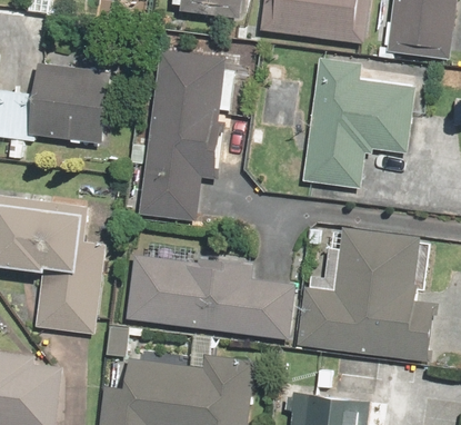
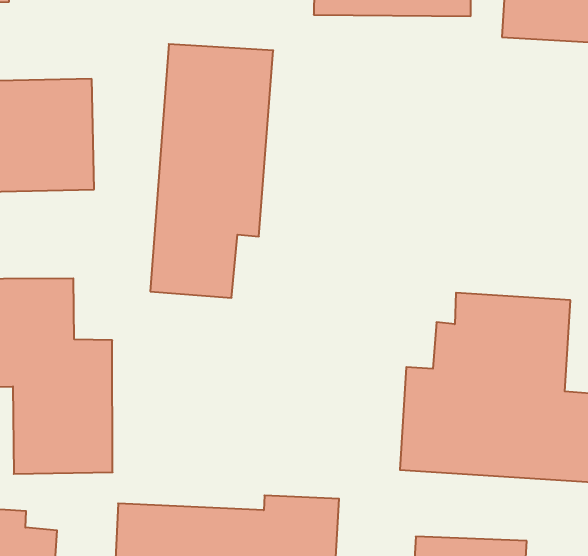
building: [300,58,417,192] -> none
building: [121,246,298,340] -> none

